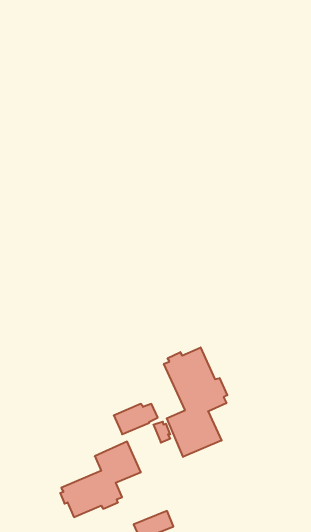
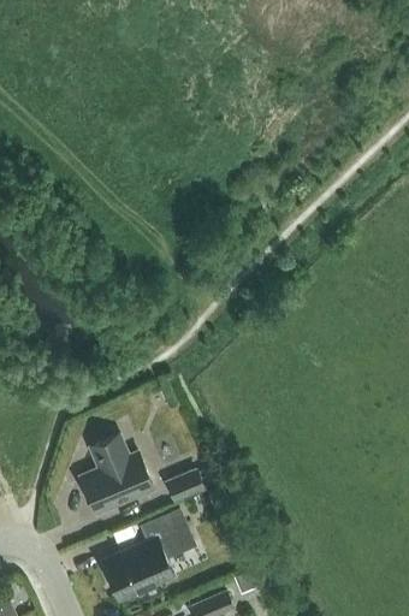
building: [164,347,227,457] -> none
building: none -> [79,436,152,513]

